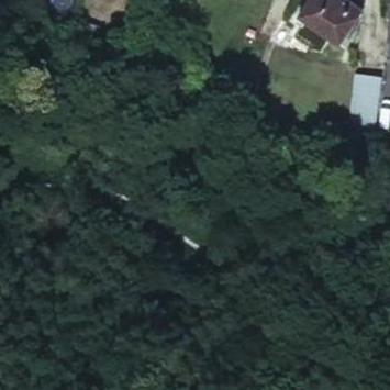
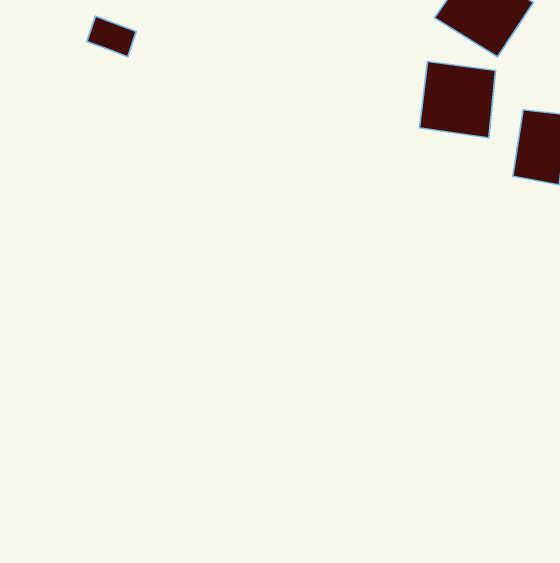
building: none -> [420,62,496,138]

